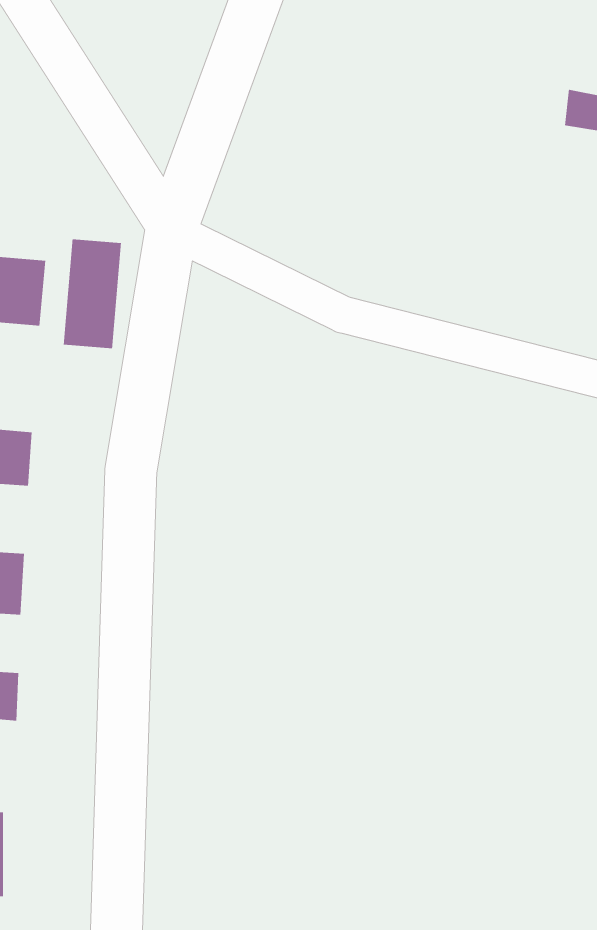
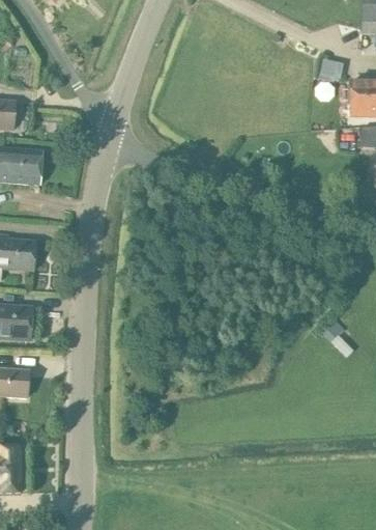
building: [63,238,122,349] -> none

